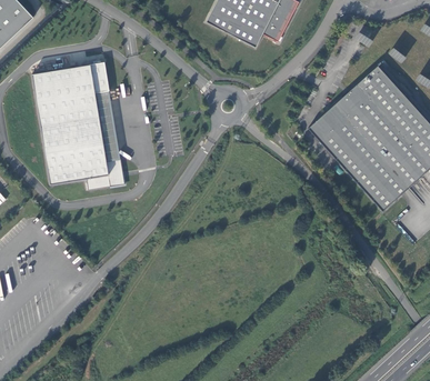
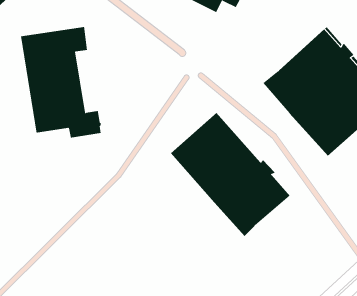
building: none -> [170,112,291,237]

